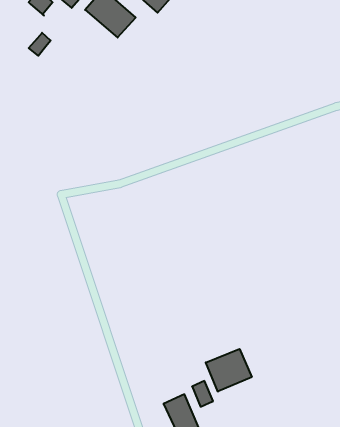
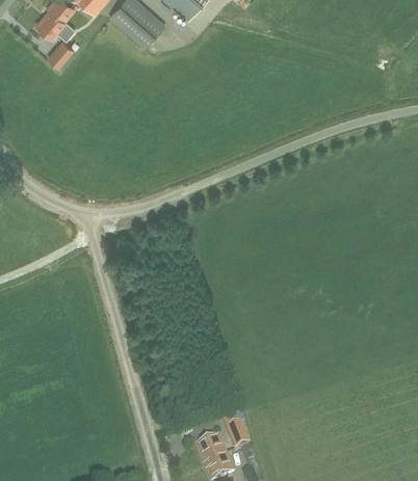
building: none -> [36,10,64,38]
building: [206,349,252,392] -> none

